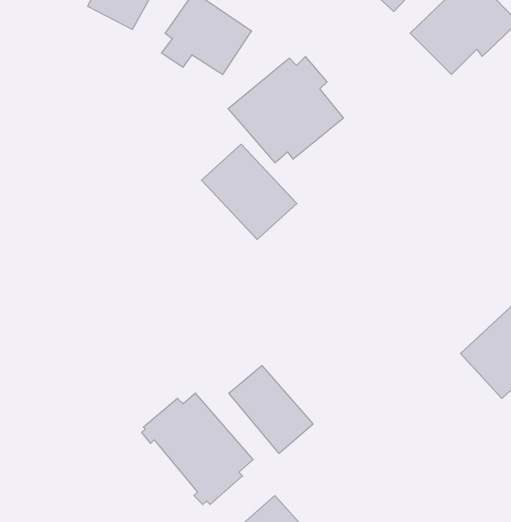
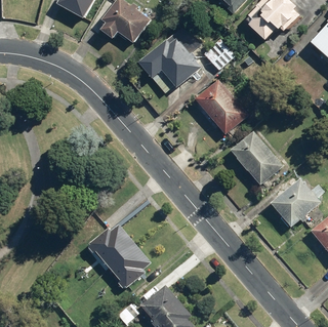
building: [201,144,297,240] -> [194,79,248,133]
building: none -> [230,130,292,183]
building: [229,366,313,453] -> none

